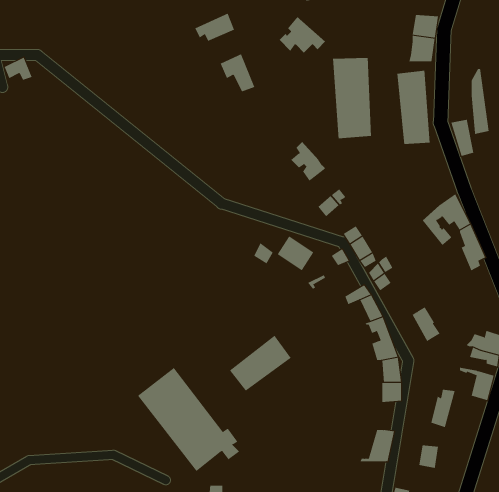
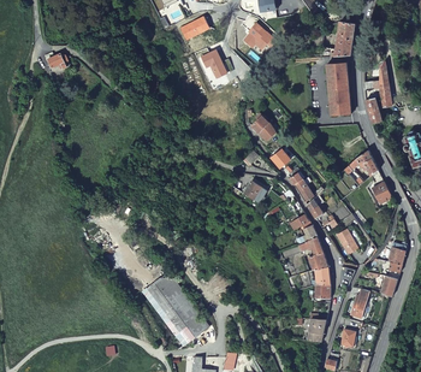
building: [332,57,371,139] -> none
building: [229,335,291,391] -> none

